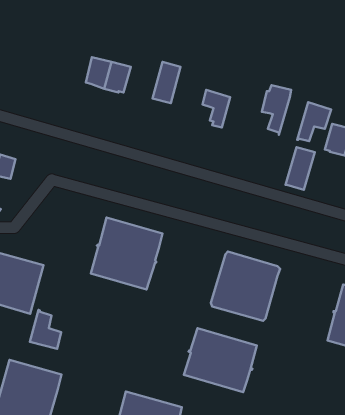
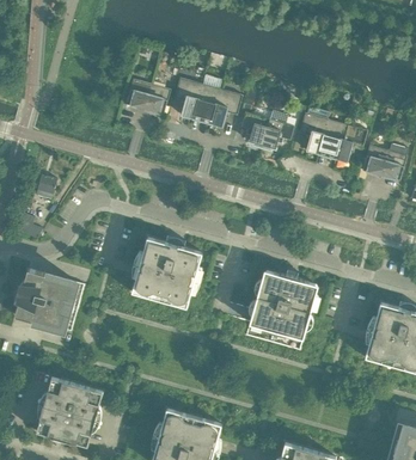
building: none -> [173,78,201,119]
building: none -> [209,88,241,127]
building: none -> [259,109,293,152]
building: [286,147,315,190] -> [316,118,344,160]
building: [30,310,61,349] -> none
building: [184,328,257,392] -> none

